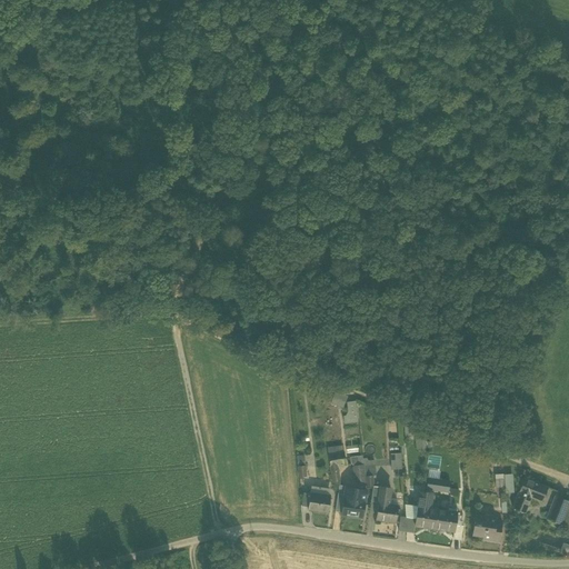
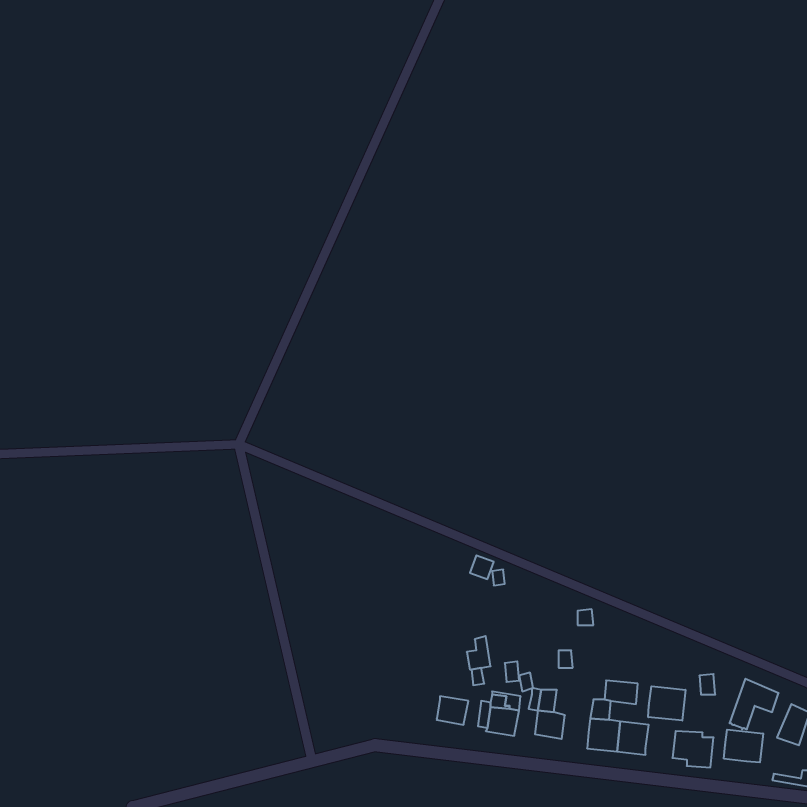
building: none -> [648,686,685,721]
building: none -> [724,730,763,762]

